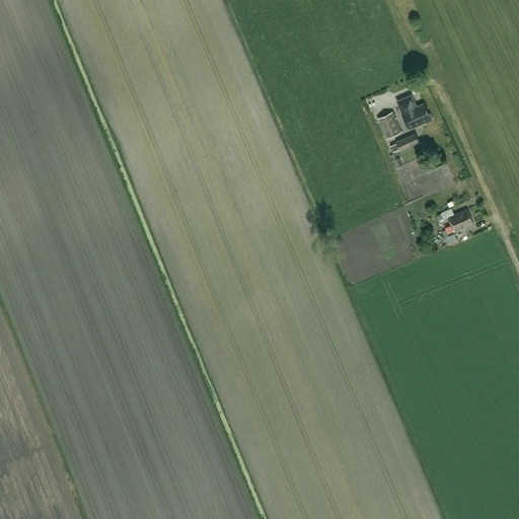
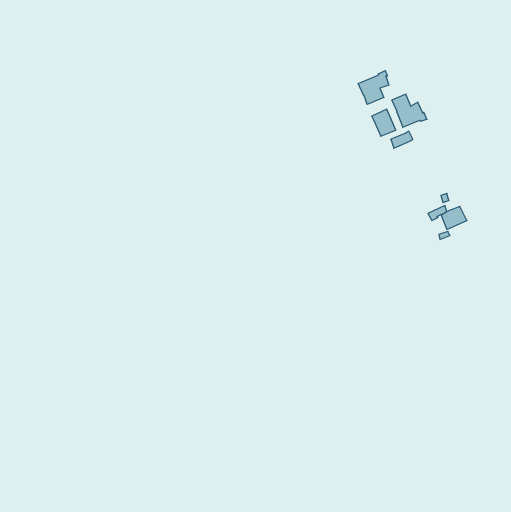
building: none -> [358,71,389,104]

